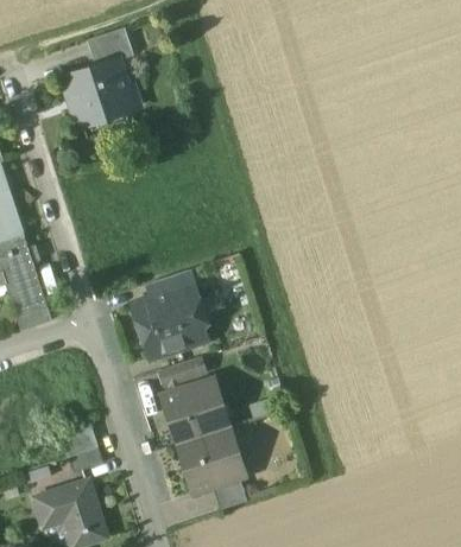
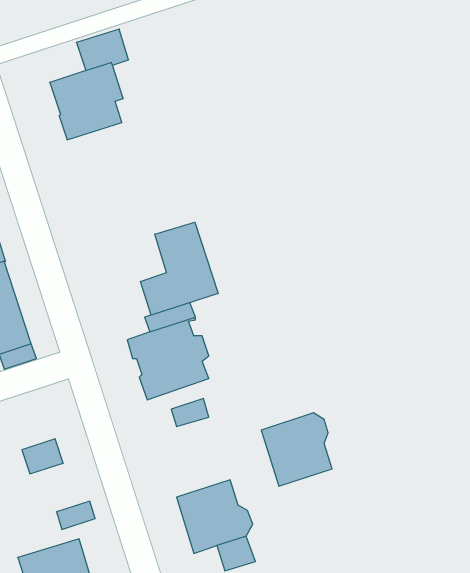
building: none -> [141,222,218,315]
building: [160,380,223,445] -> [261,413,332,486]
building: [62,427,99,458] -> [22,439,63,474]

